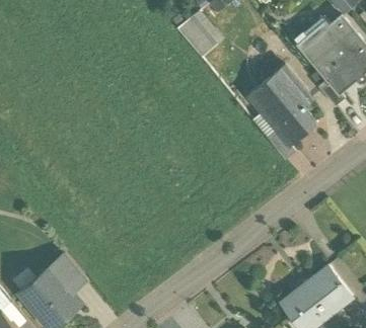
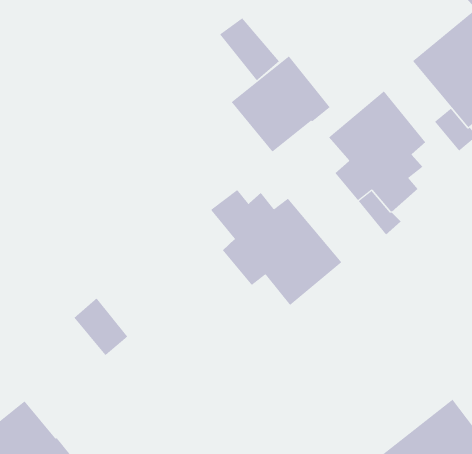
building: none -> [231,56,330,152]
building: none -> [211,189,342,306]
building: [51,254,86,292] -> [74,297,128,355]

